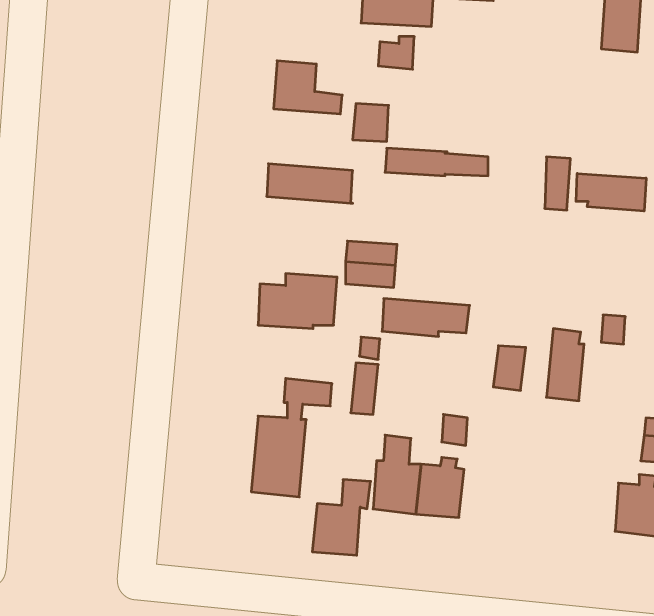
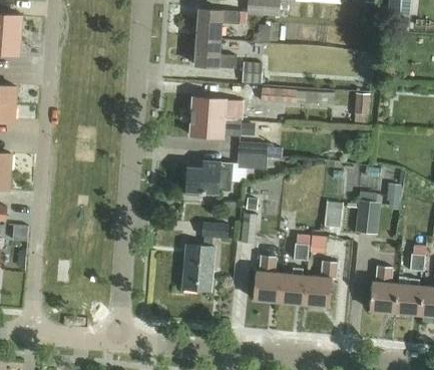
building: none -> [197,9,239,39]
building: [576,173,646,211] -> none
building: [382,299,470,336] -> [190,116,242,138]
building: none -> [369,267,397,312]
building: [312,480,371,555] -> [304,262,338,306]

